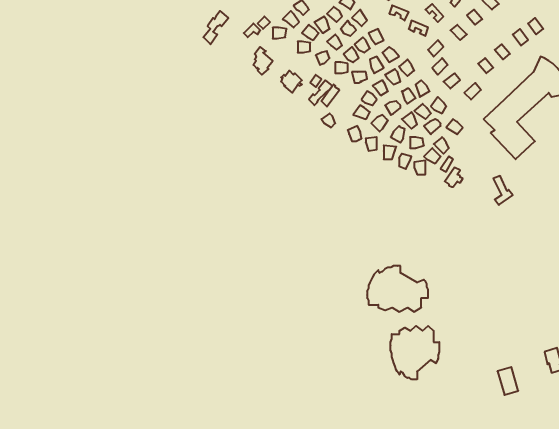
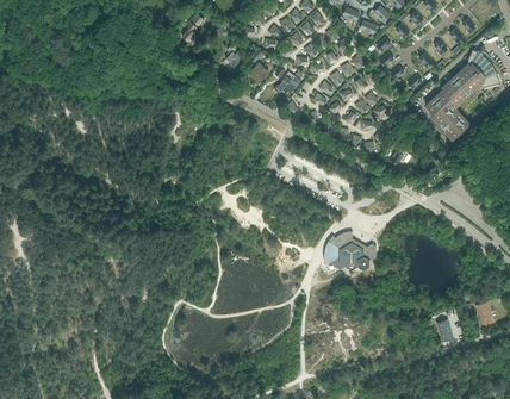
building: [391,326,439,379] -> none

